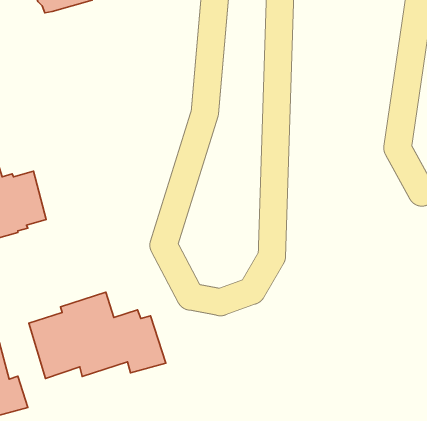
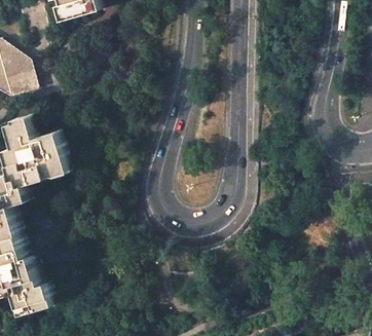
building: [29,292,166,378] -> none

